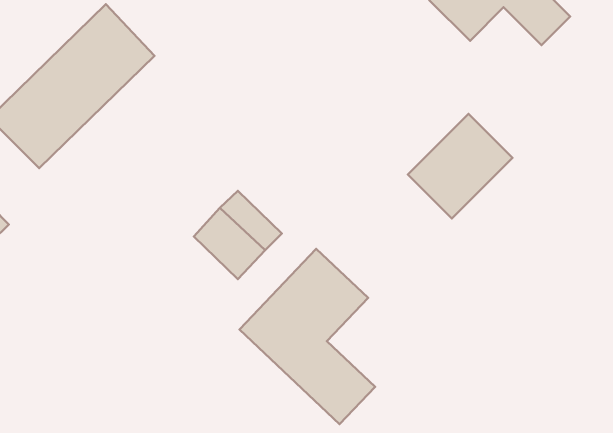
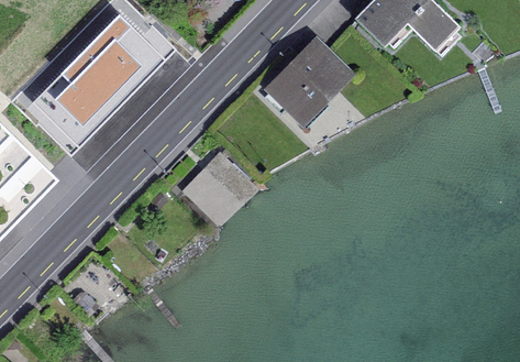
building: [408,114,513,218] -> [268,41,344,117]
building: [240,249,375,424] -> none

